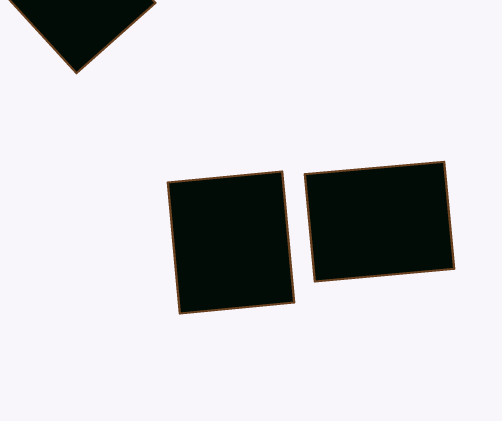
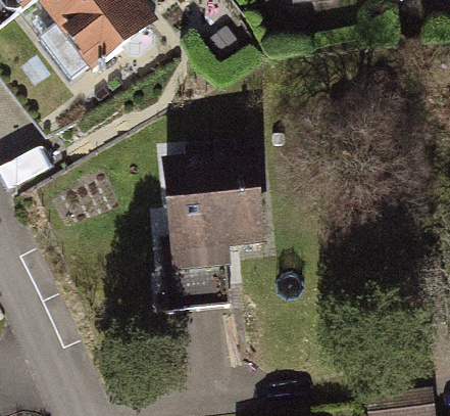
building: [305,162,454,281] -> none

